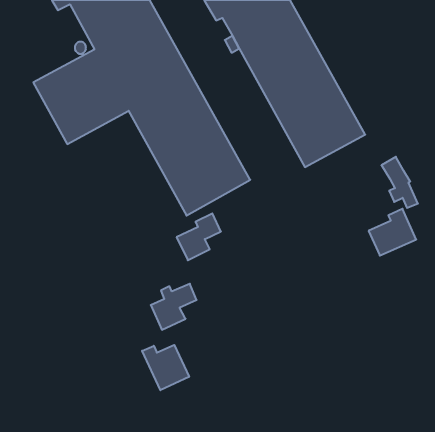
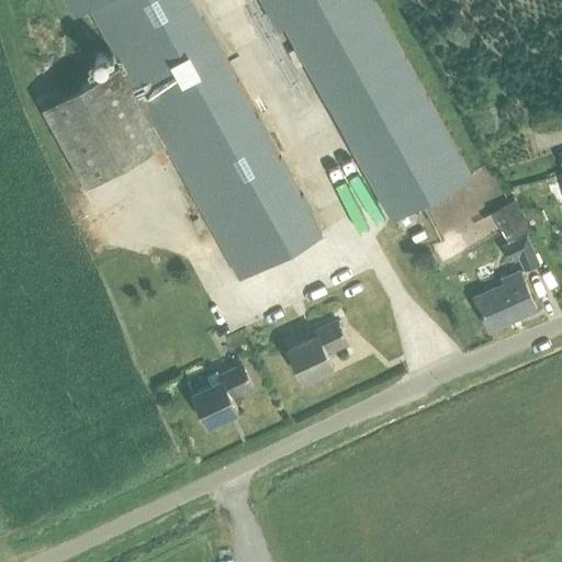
building: [177,213,221,260] -> [290,324,347,384]
building: [142,345,189,390] -> none

